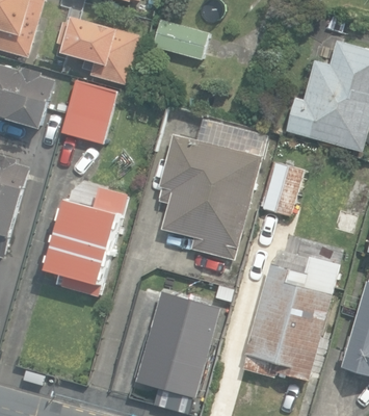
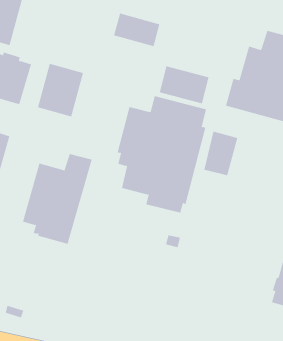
building: [56,17,140,84] -> none
building: none -> [159,66,209,104]
building: [242,255,340,380] -> none
building: [134,290,219,397] -> none

